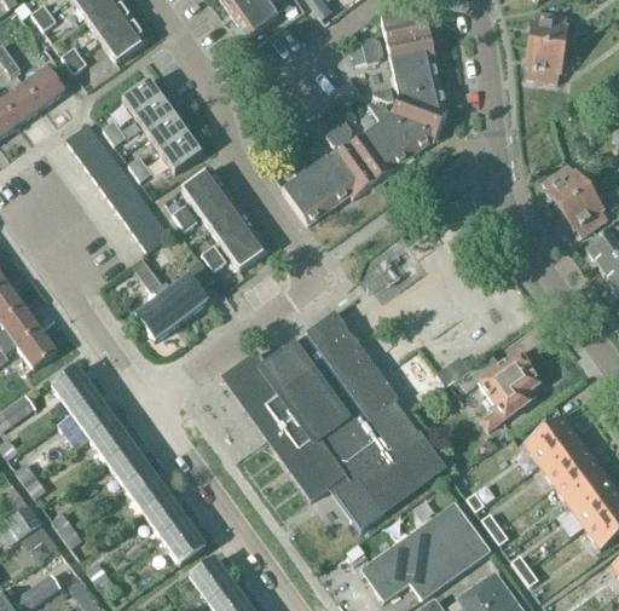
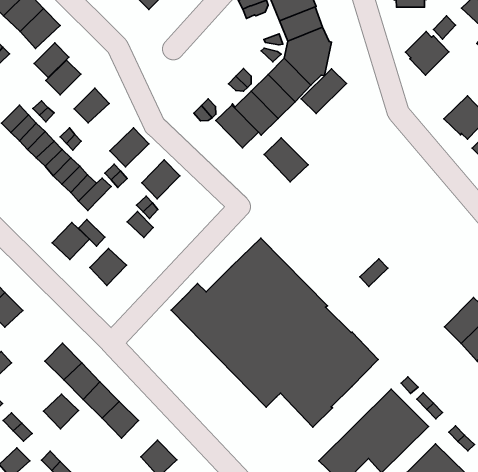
building: [134,97,174,134] -> [34,43,69,78]
building: none -> [301,69,347,113]
building: [161,134,201,172] -> none
building: [540,161,589,209] -> [406,32,449,75]
building: [282,172,329,223] -> [264,138,308,182]
building: [195,186,239,229] -> none
building: [225,227,268,269] -> none
building: [162,277,204,318] -> [52,223,90,260]
building: [461,351,543,430] -> none
building: [54,370,94,411] -> none
building: none -> [43,394,79,429]
building: [144,494,184,535] -> none

